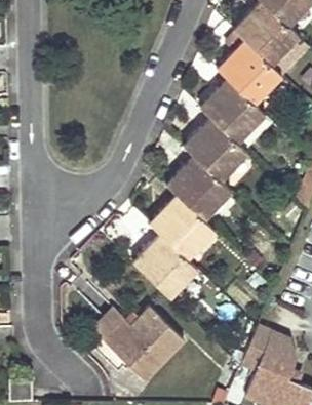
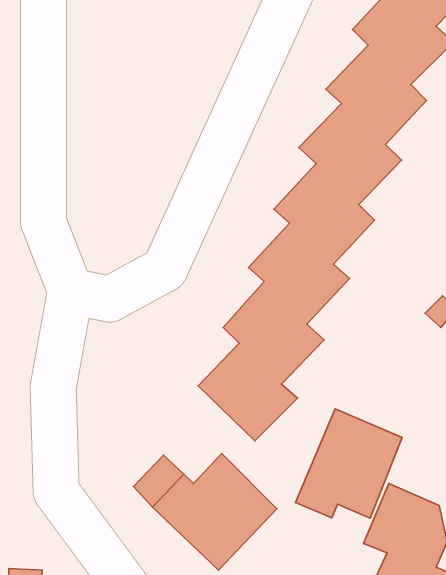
building: none -> [296,409,402,518]

